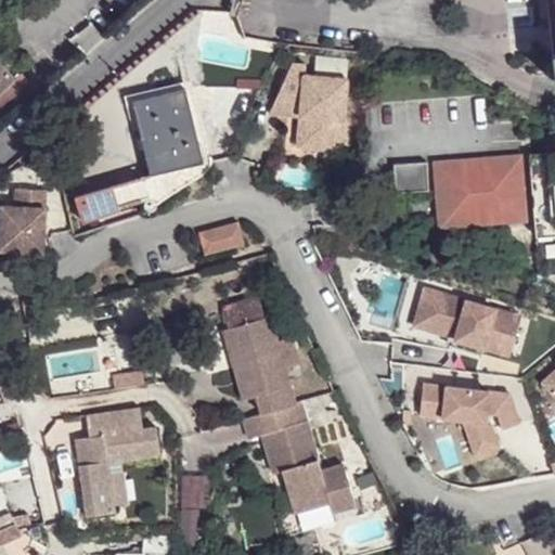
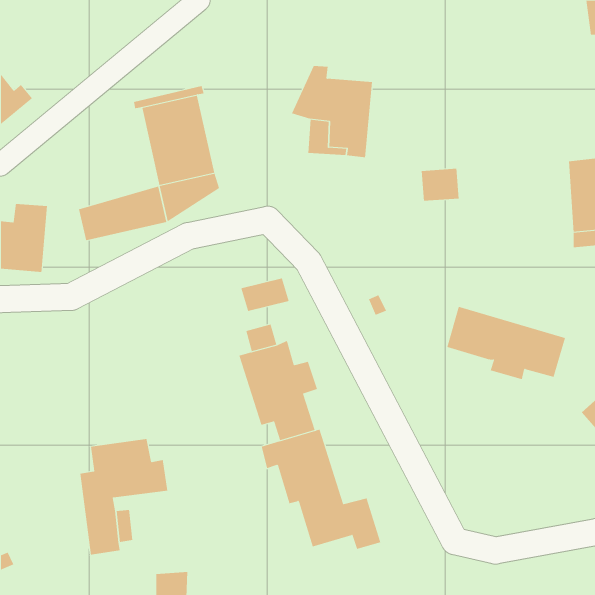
building: [433,152,526,224] -> none
building: [195,224,241,256] -> [240,278,289,312]
building: [421,387,520,459] -> none

